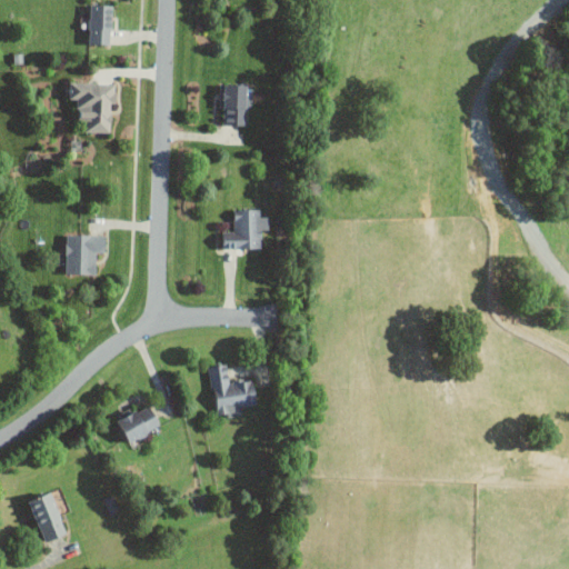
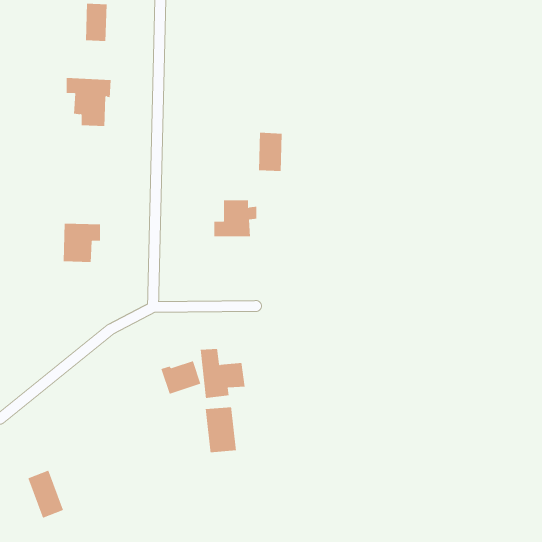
building: [223,84,249,126] -> [258,132,283,172]
building: [119,406,161,441] -> [161,360,201,394]
building: none -> [205,406,237,453]

